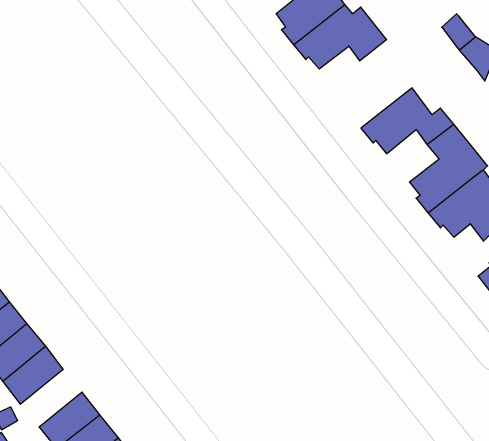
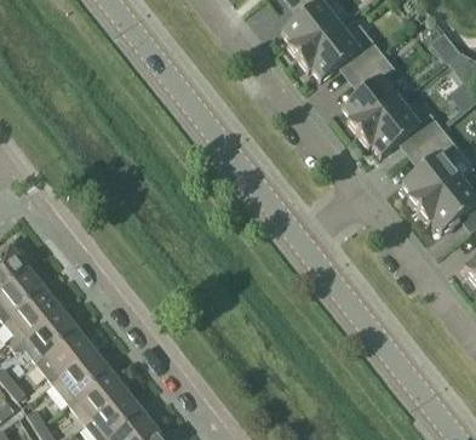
building: none -> [342,55,405,135]
building: none -> [52,352,108,404]

